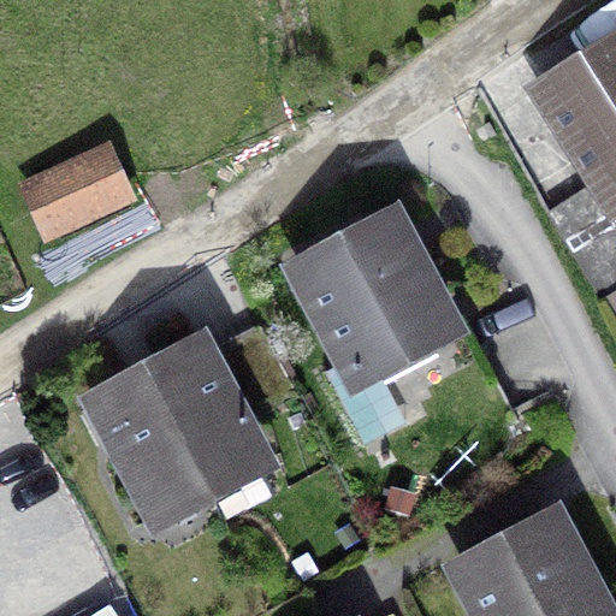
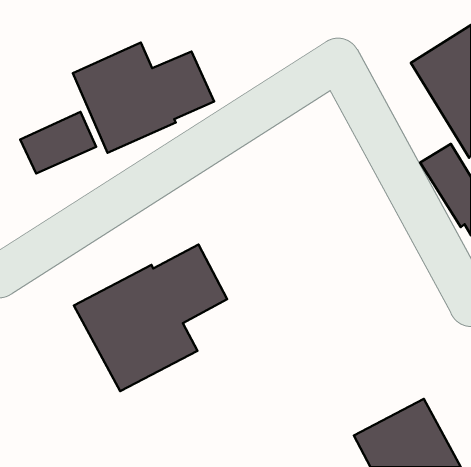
building: none -> [73,43,214,153]
building: [300,219,446,440] -> none

